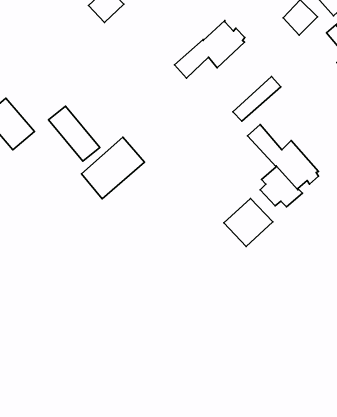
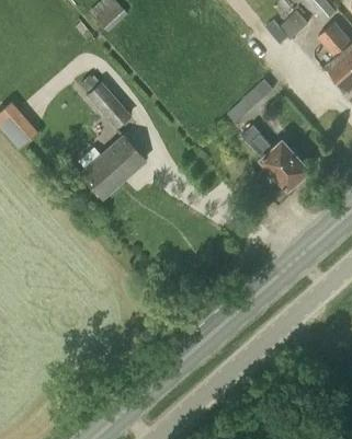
building: [174,21,245,78] -> none
building: [48,106,100,161] -> [82,77,132,129]
building: [224,198,273,246] -> none

